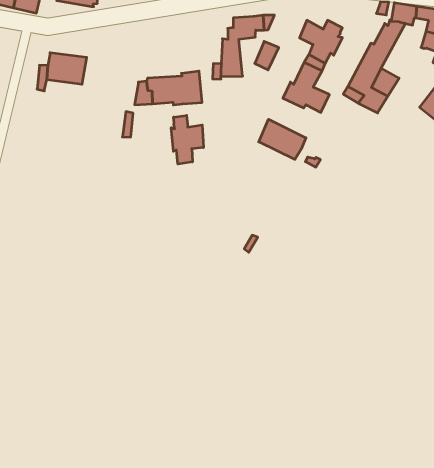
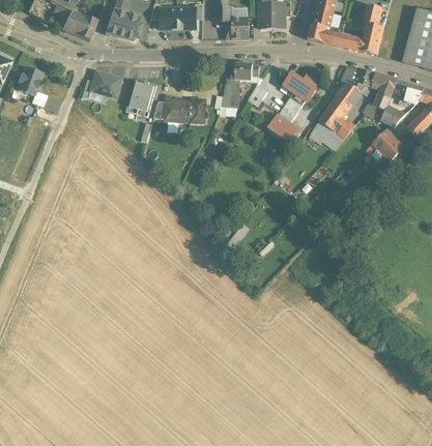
building: none -> [126,78,156,115]
building: [171,115,203,164] -> none
building: [259,119,306,159] -> none

